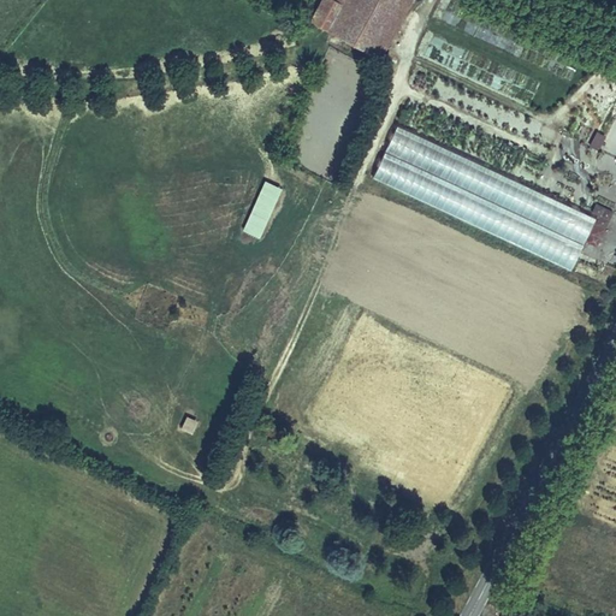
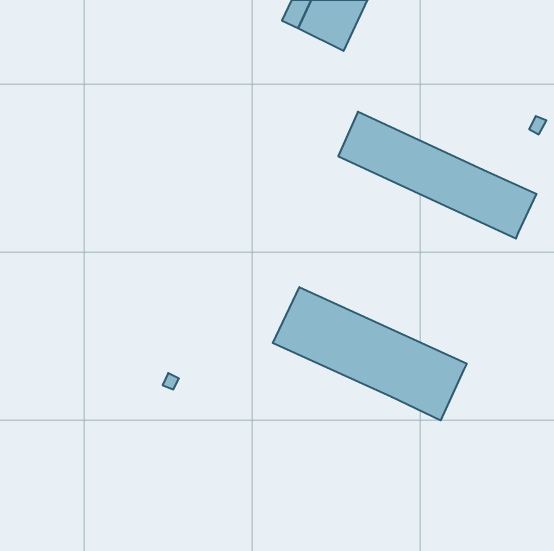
building: [242,180,283,239] -> none
building: none -> [273,287,467,420]

